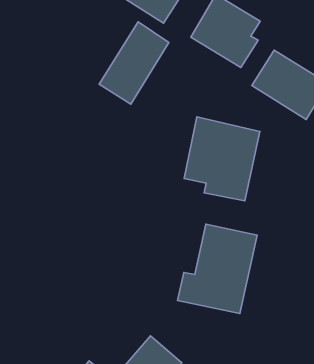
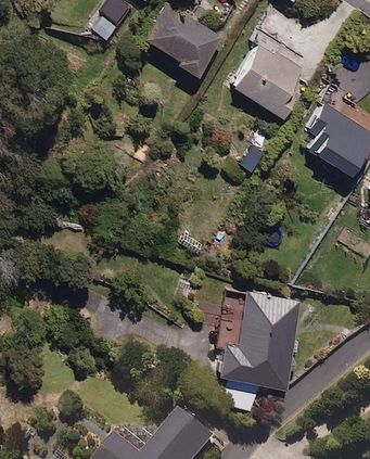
building: [99,22,169,104] -> none
building: [184,117,260,201] -> none

